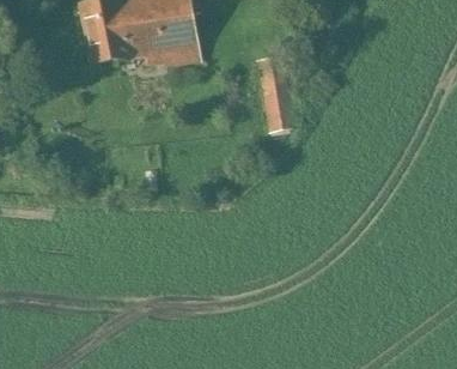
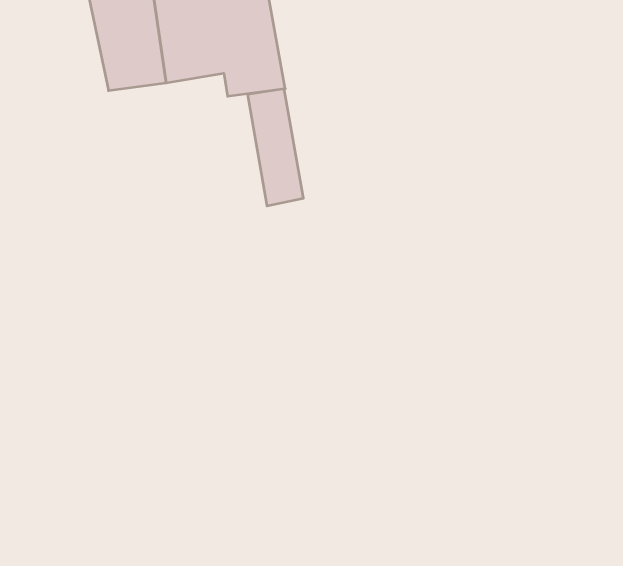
building: [258,59,293,132] -> [248,89,303,206]

